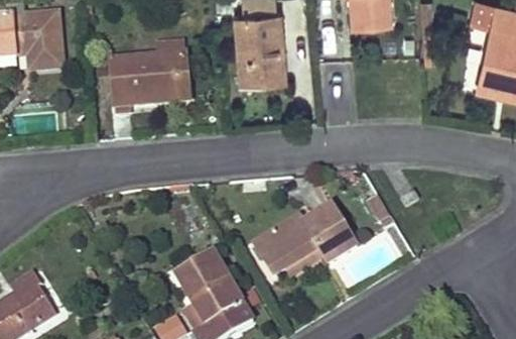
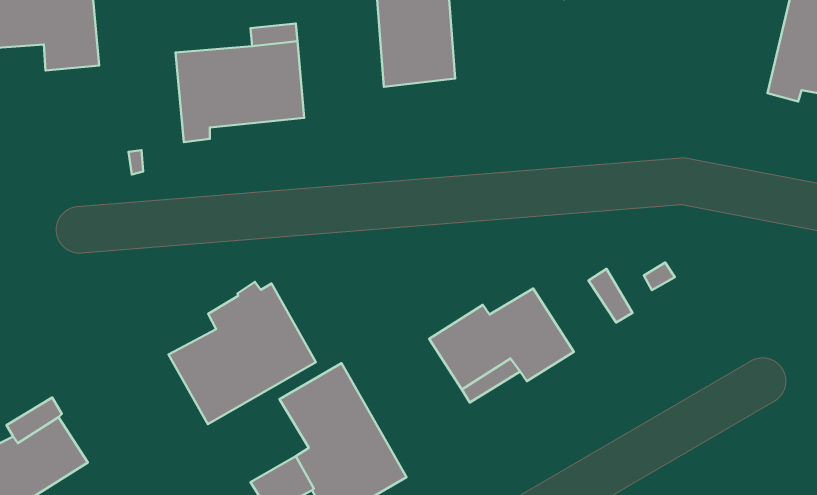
building: none -> [168,282,316,424]

